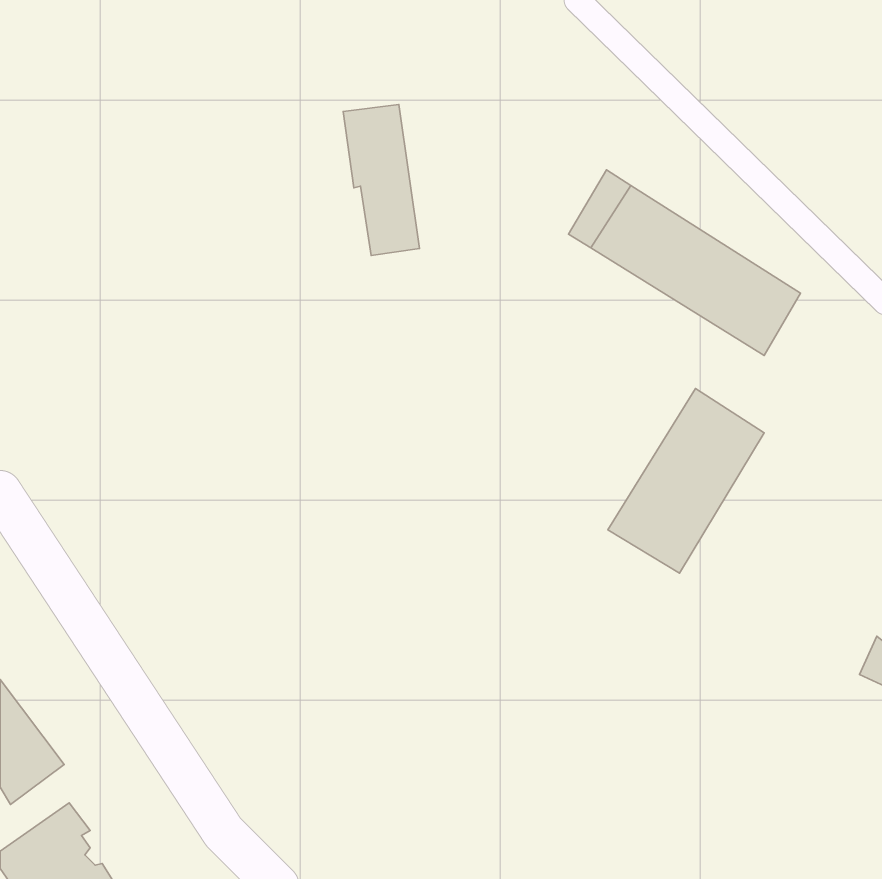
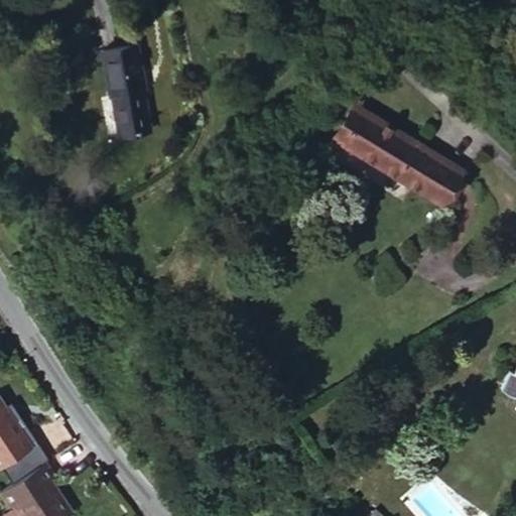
building: [343,105,420,255] -> [104,47,148,135]
building: [608,388,764,573] -> none

